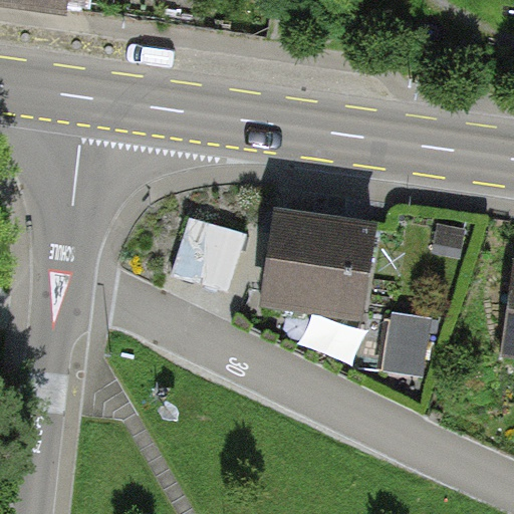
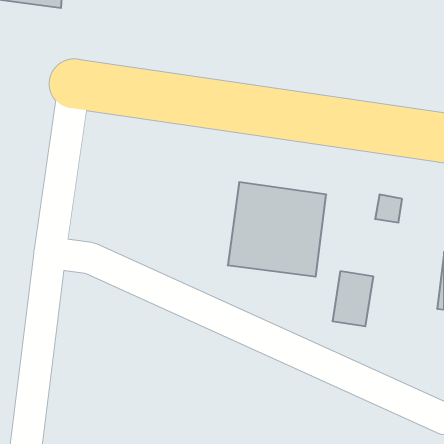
building: [172,218,243,290] -> none

